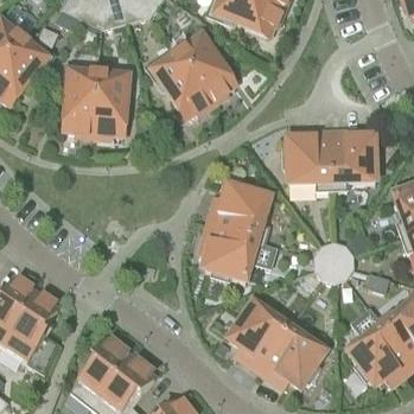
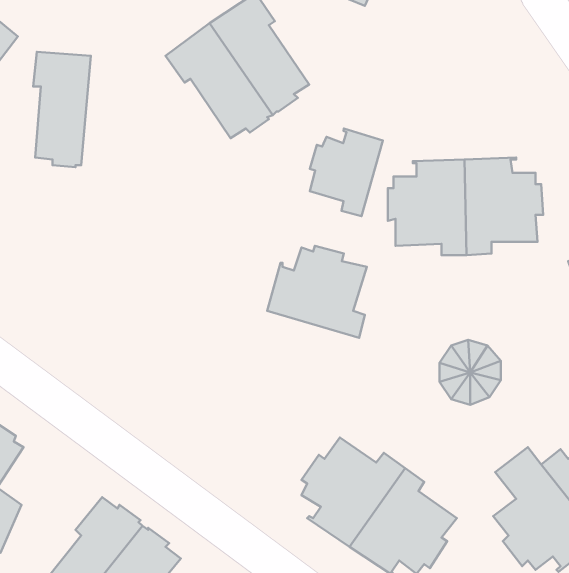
building: [93,65,132,135] -> none
building: none -> [310,129,383,216]
building: [198,223,265,280] -> none

